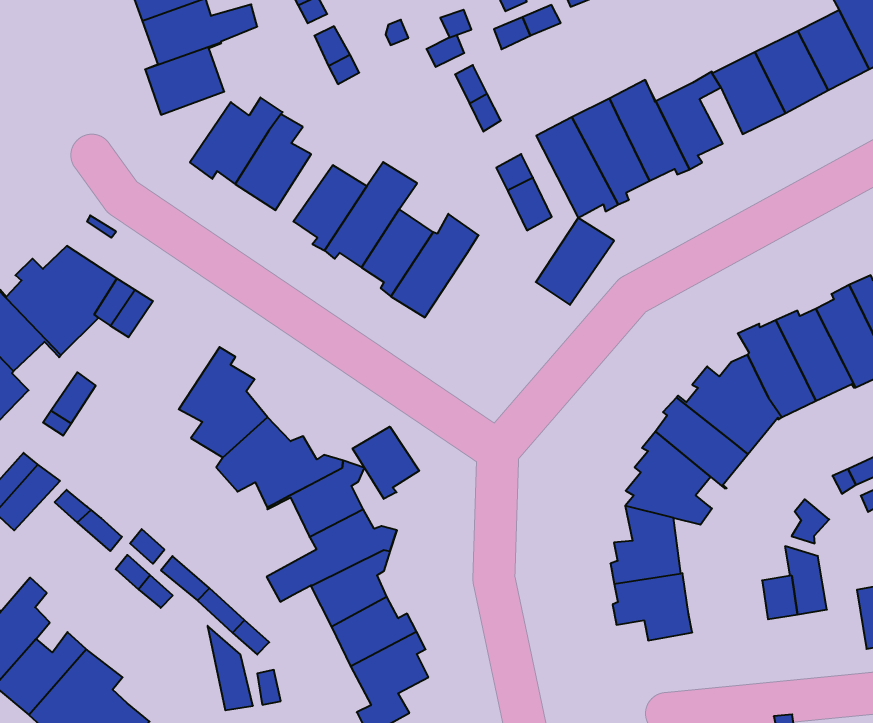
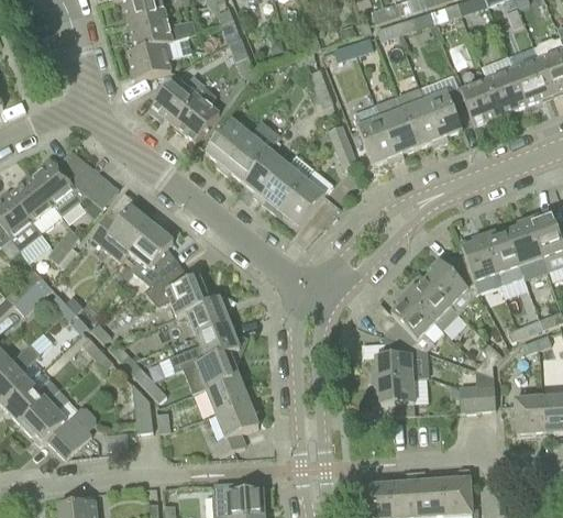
building: [536,218,614,305] -> [277,179,325,230]
building: none -> [89,207,155,262]
building: [353,427,419,499] -> none

